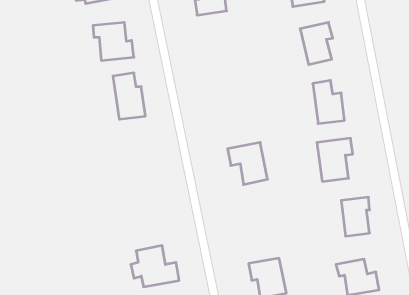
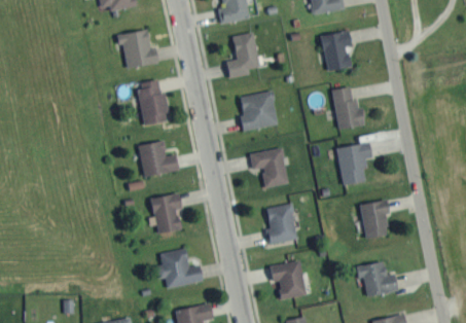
building: none -> [225,32,259,78]
building: none -> [240,91,278,131]
building: none -> [137,140,179,178]
building: none -> [148,192,181,235]
building: none -> [266,204,296,244]

